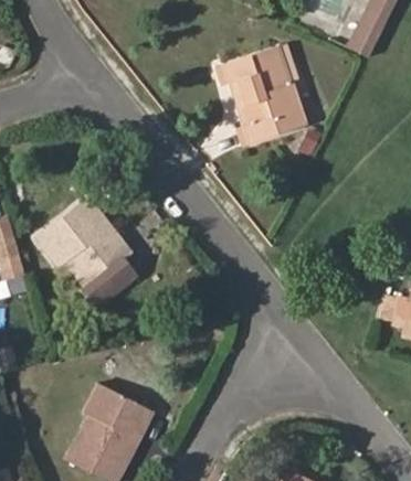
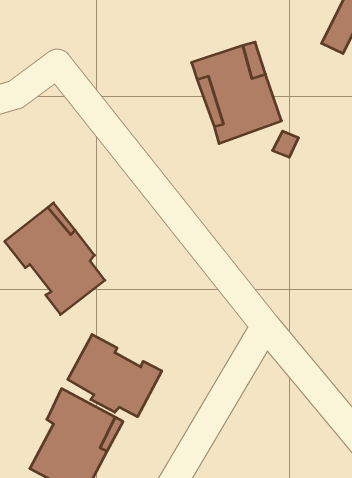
building: none -> [68,334,162,417]

